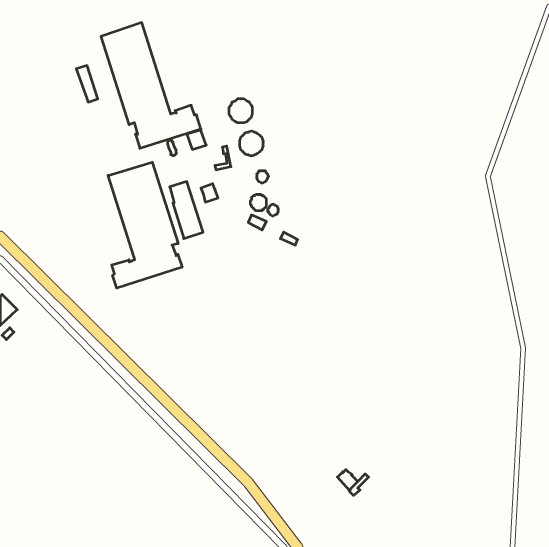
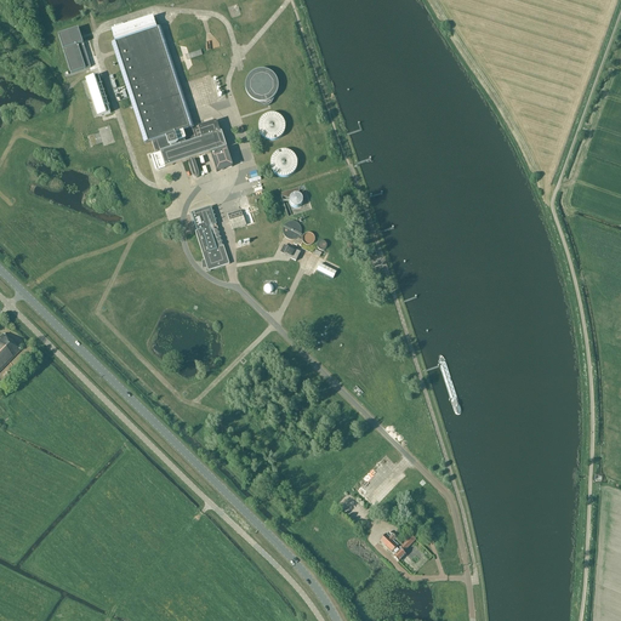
building: none -> [58,28,90,70]
building: [108,162,182,288] -> none

